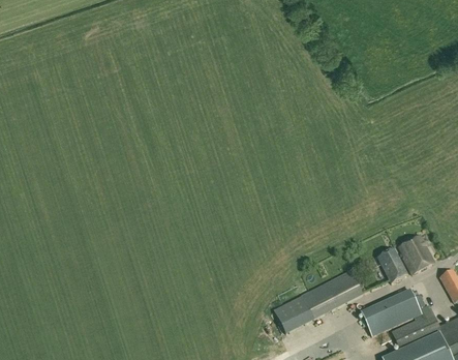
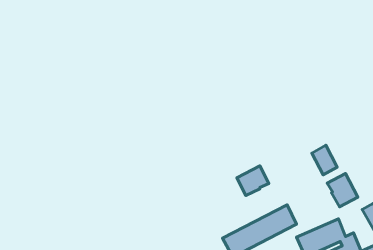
building: none -> [237,166,269,195]
building: [377,248,407,283] -> [312,145,337,175]

